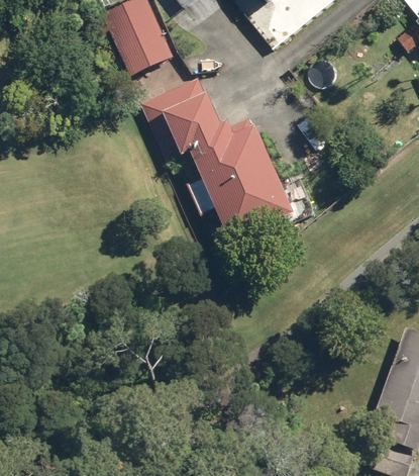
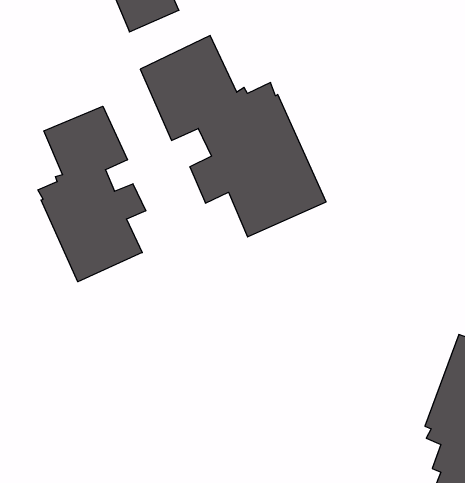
building: none -> [38,106,146,282]

